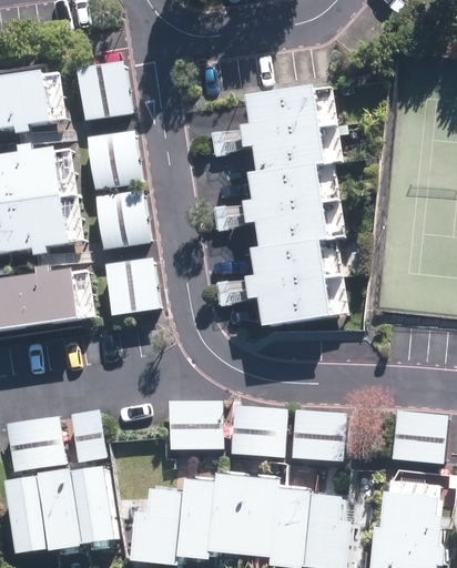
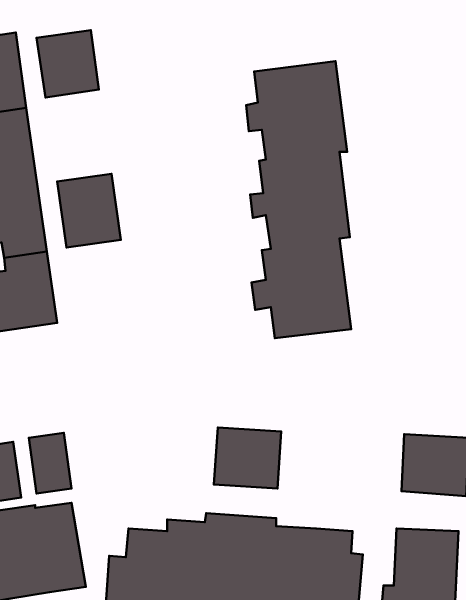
building: [84,132,139,193] -> none
building: [102,256,156,318] -> none
building: [167,399,221,450] -> none
building: [290,409,345,460] -> none

